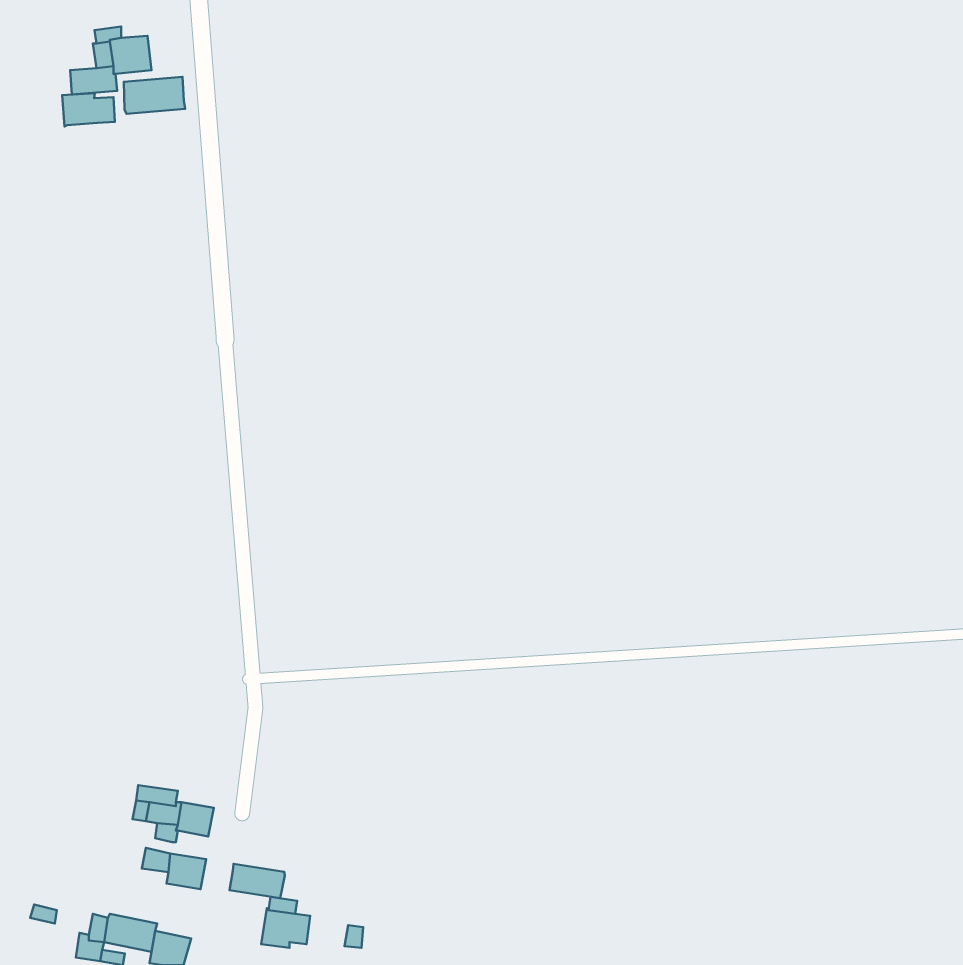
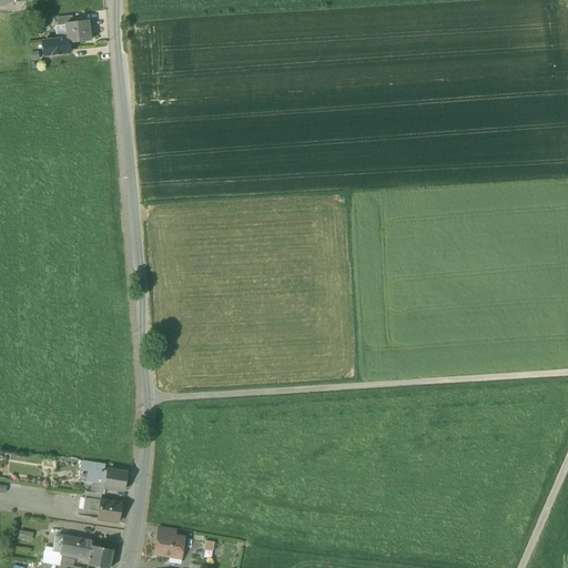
building: [124,77,185,114] -> none
building: [62,93,115,127] -> none
building: [229,864,285,898] -> none

